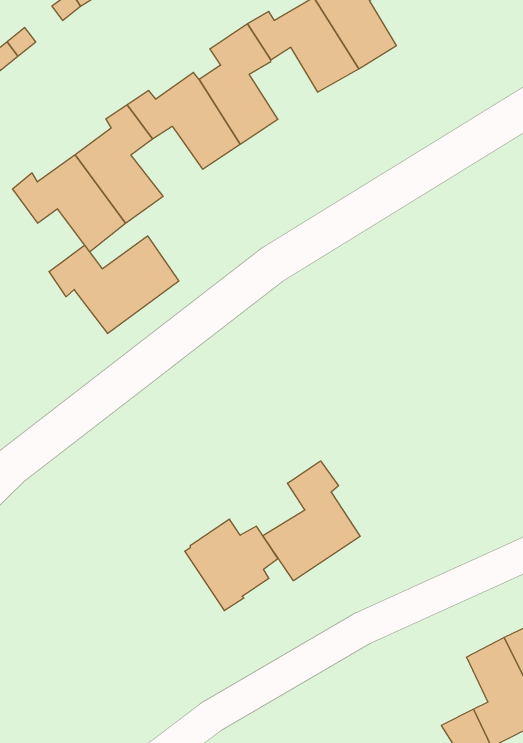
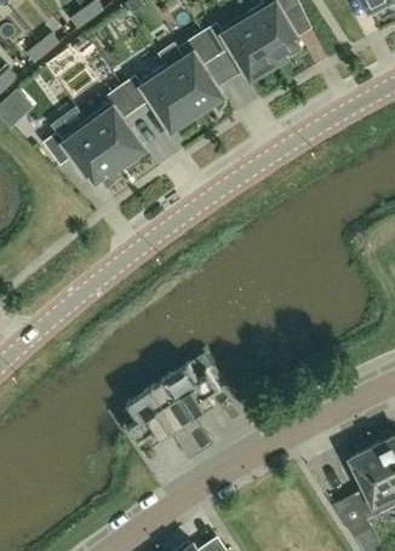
building: [49,236,179,334] -> none
building: [263,461,360,581] -> none
building: none -> [126,388,187,447]

